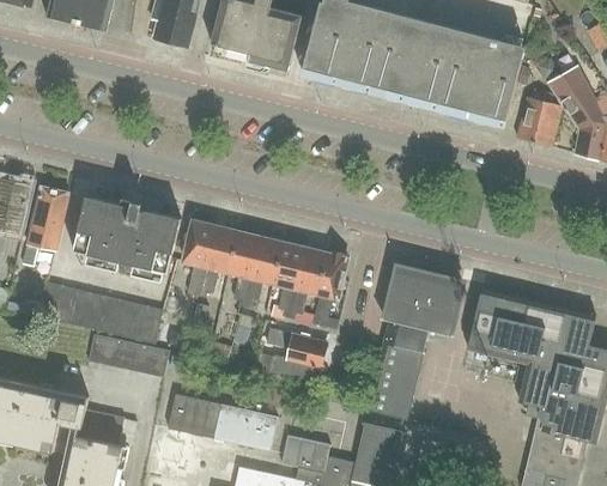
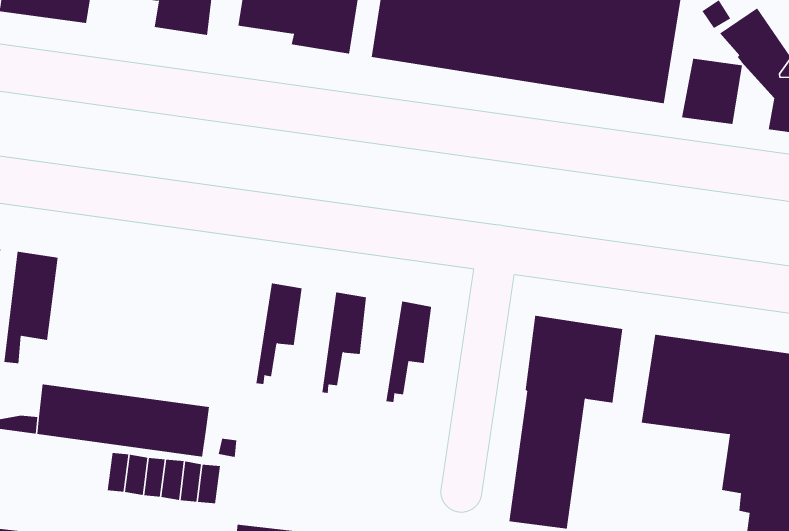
building: [73,196,181,273] -> none
building: [183,220,217,296] -> none
building: [229,232,261,306] -> none
building: [274,243,306,317] -> none
building: [314,251,347,324] -> none
building: [254,329,326,381] -> none

